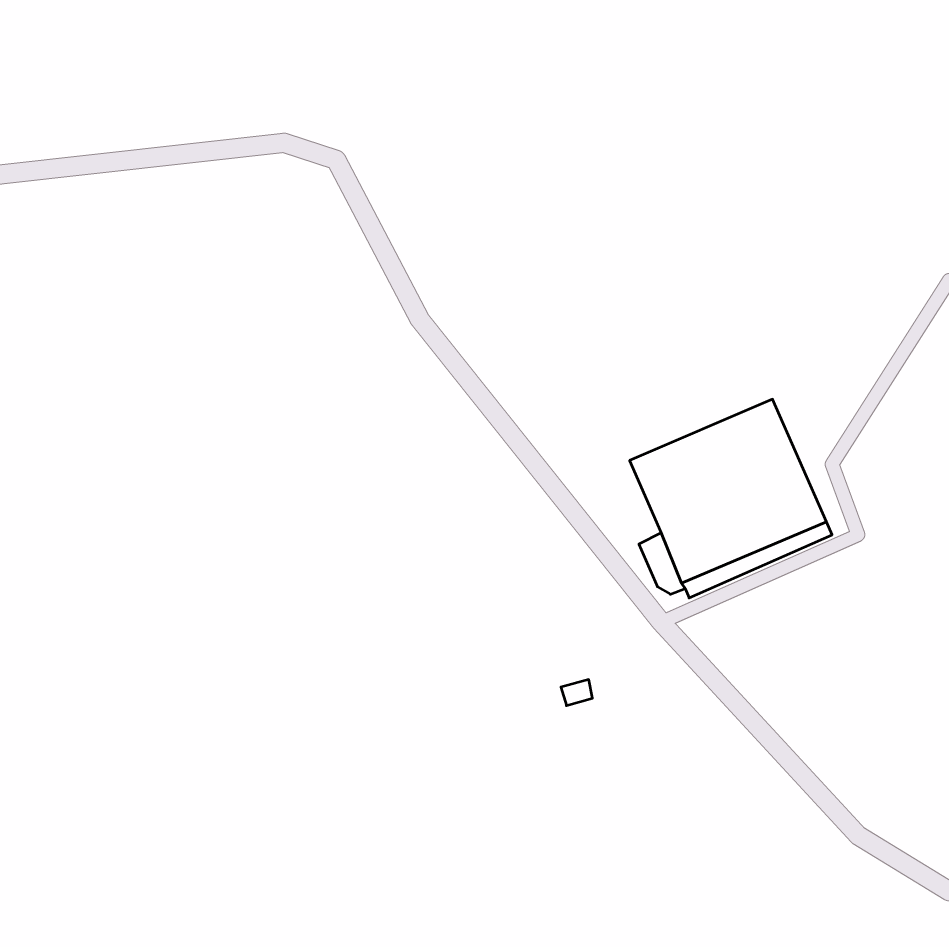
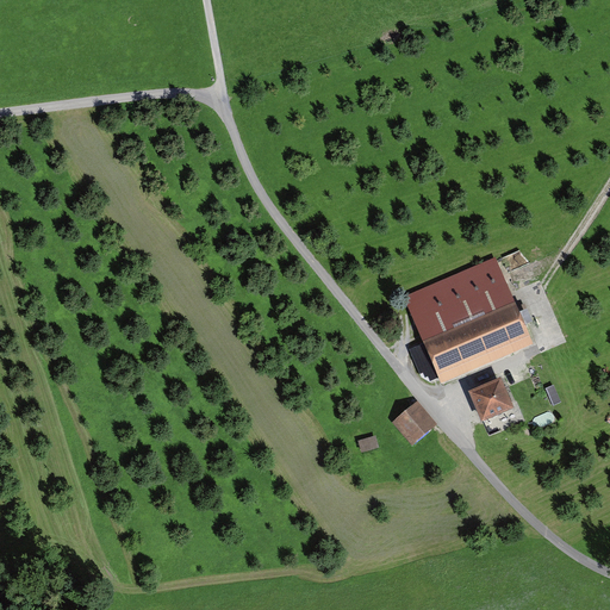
building: none -> [468,376,515,421]
building: none -> [392,400,437,444]

